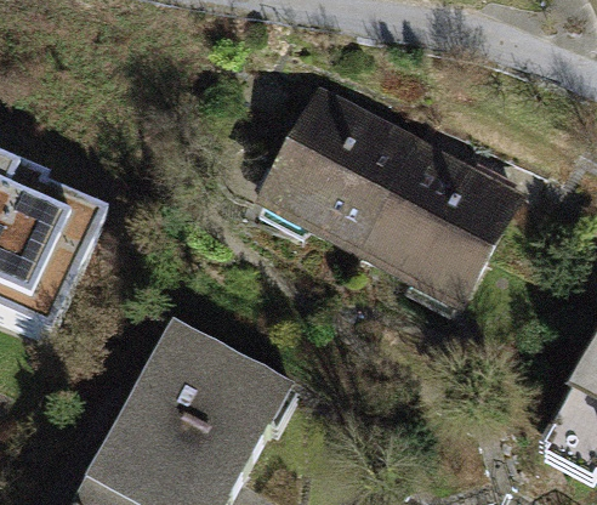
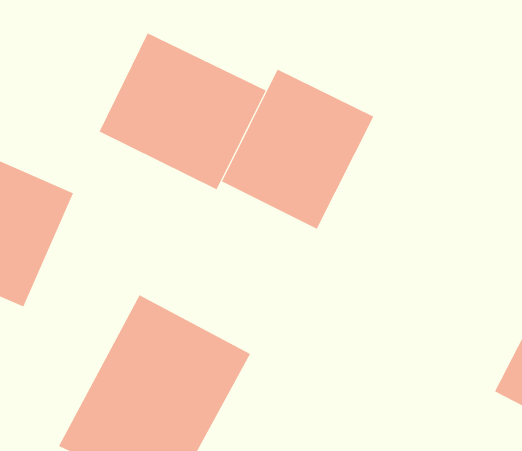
building: none -> [99,33,266,190]
building: [359,136,522,307] -> none

